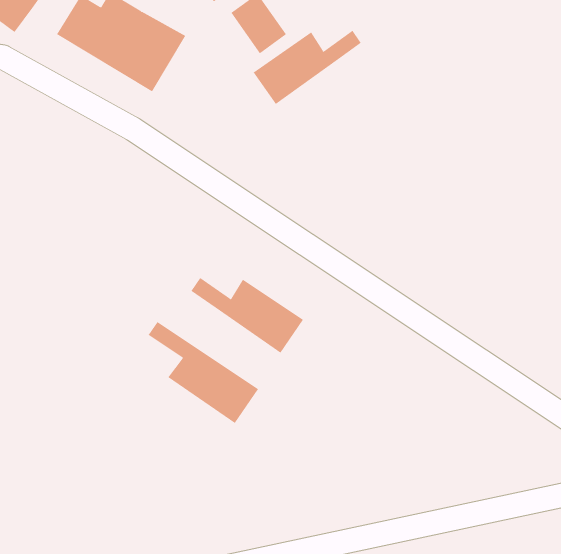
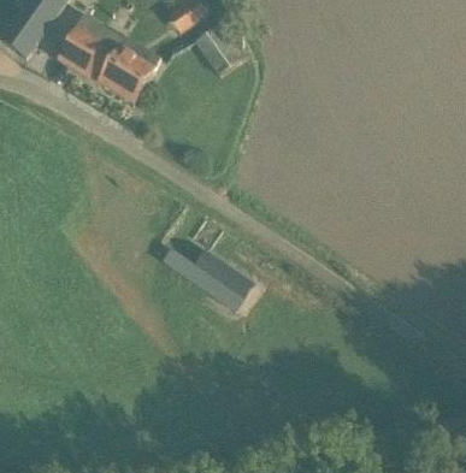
building: [253,30,362,105] -> none
building: [148,321,259,424] -> none

